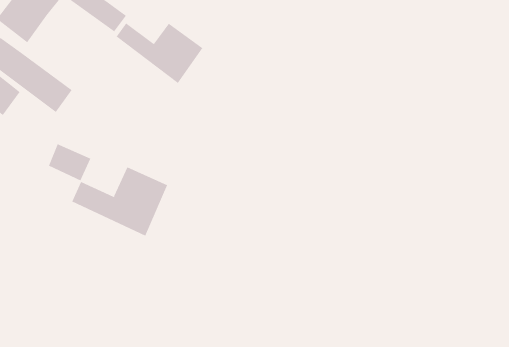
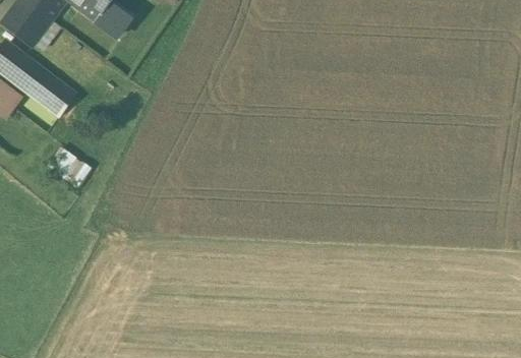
building: [116,23,203,84] -> none
building: [72,167,168,237] -> none

